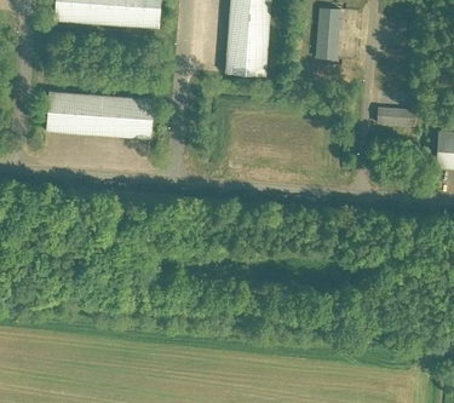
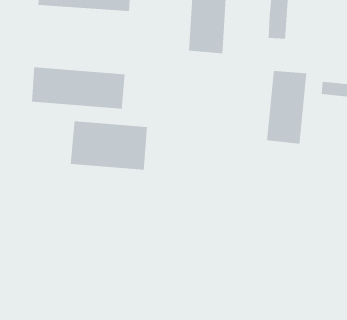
building: none -> [267,70,307,144]
building: none -> [70,121,147,171]

